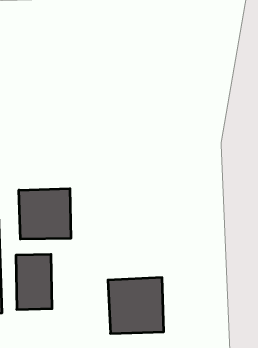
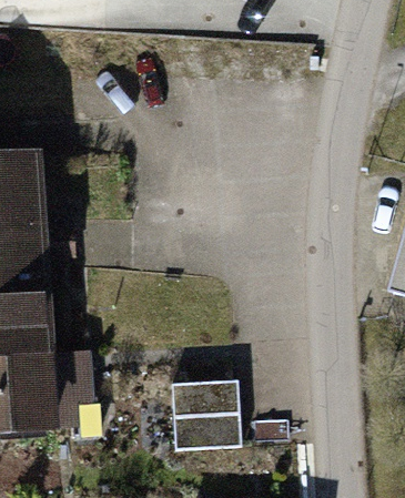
building: [19,189,71,239] -> none

